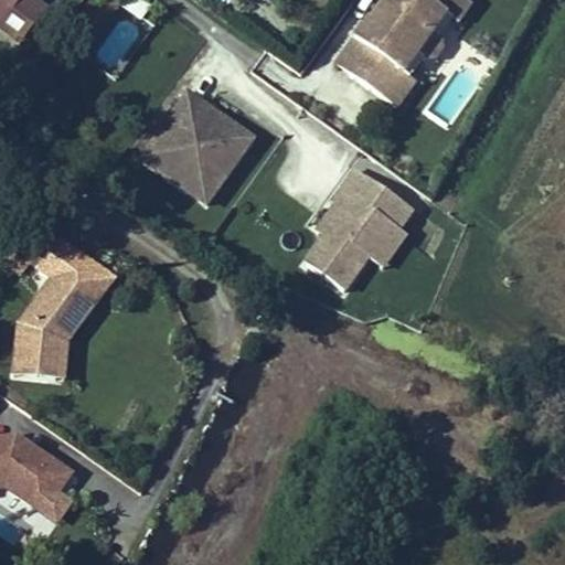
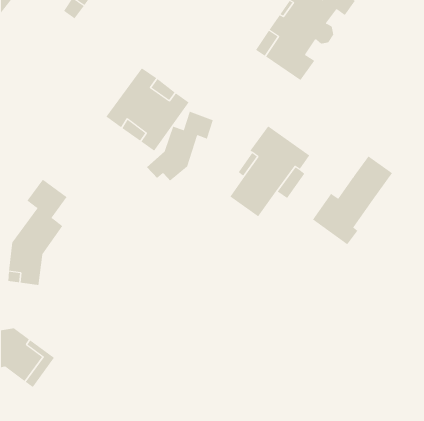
building: none -> [146,111,214,182]
building: none -> [312,155,393,245]
building: [53,262,113,380] -> none

